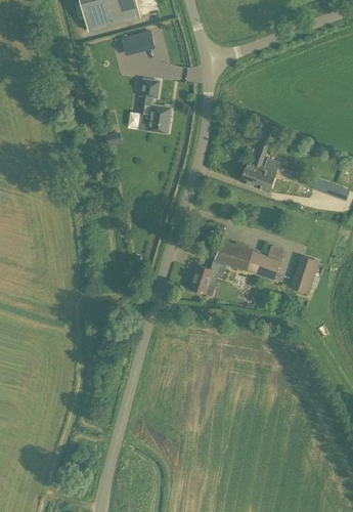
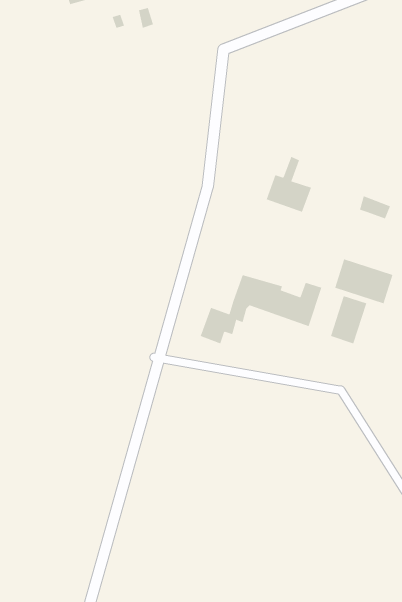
building: [141,79,172,132] -> none
building: none -> [334,259,393,304]

